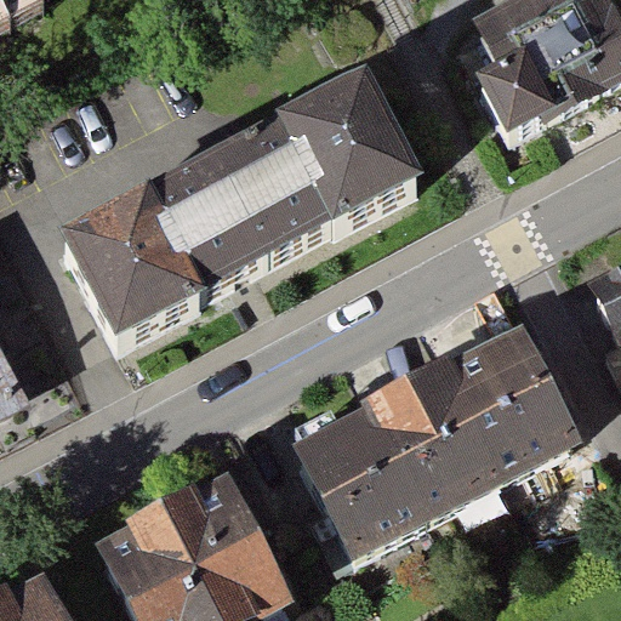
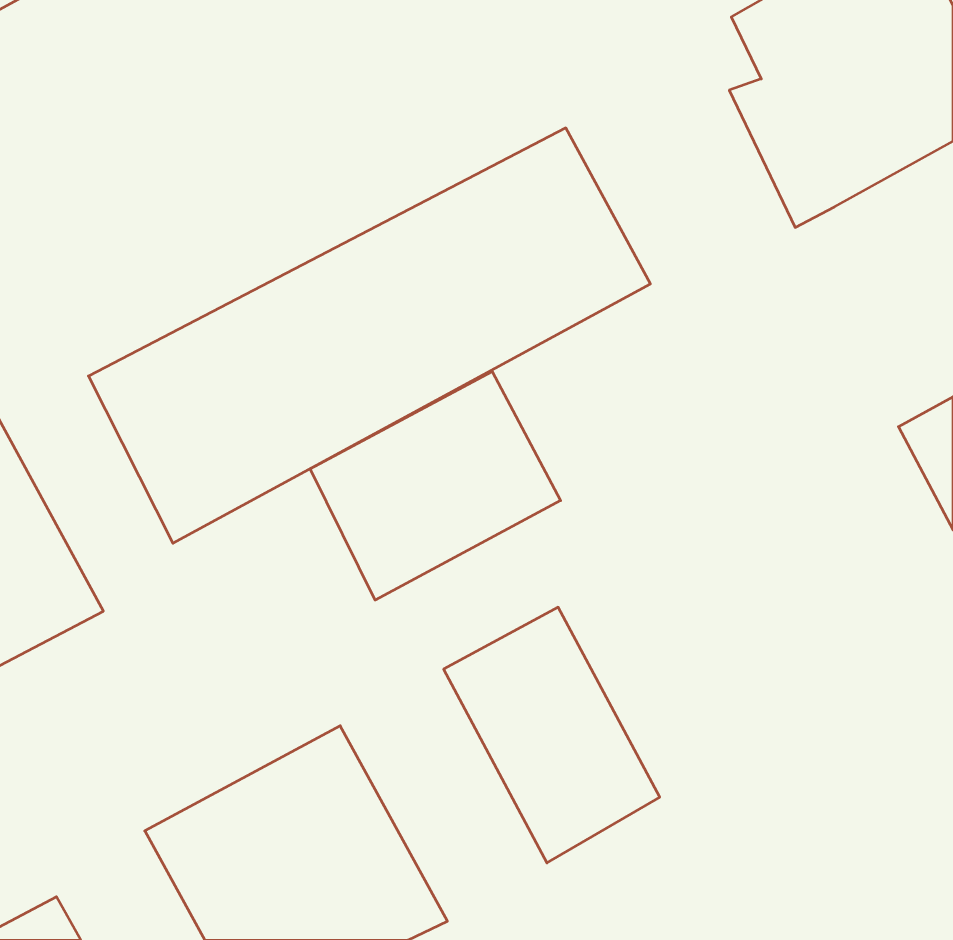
building: none -> [310,371,561,600]
building: [360,306,586,514] -> none

